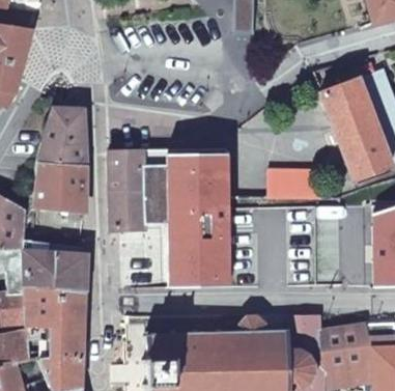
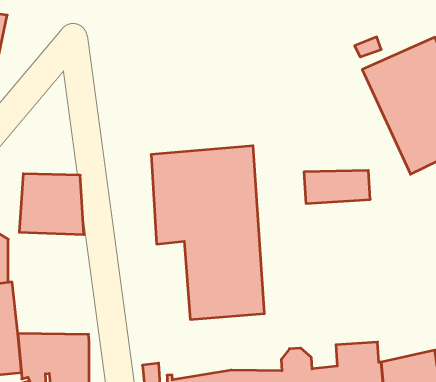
building: [38,109,85,164] -> none
building: [109,150,144,229] -> none
building: [24,245,85,295] -> none

